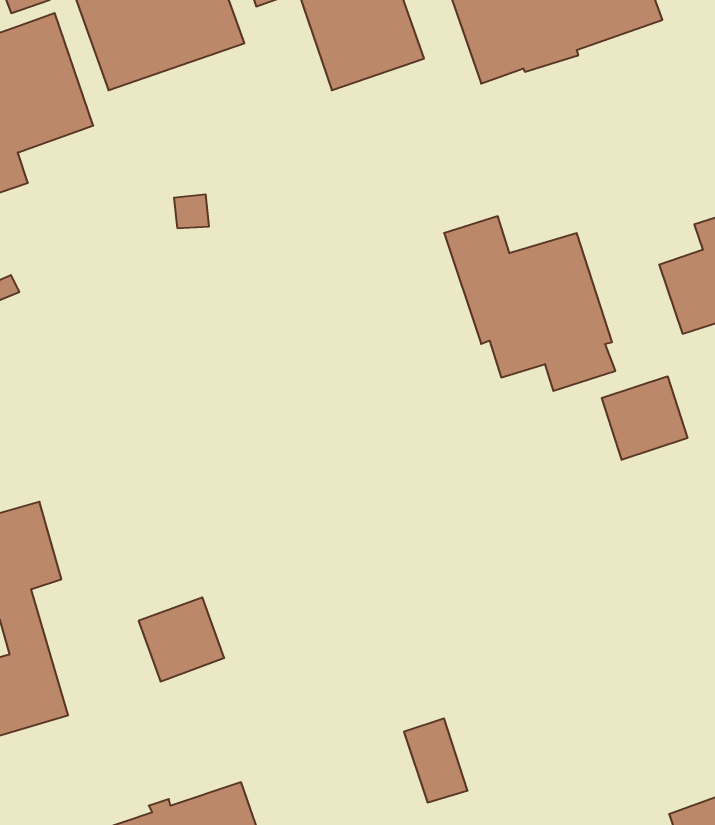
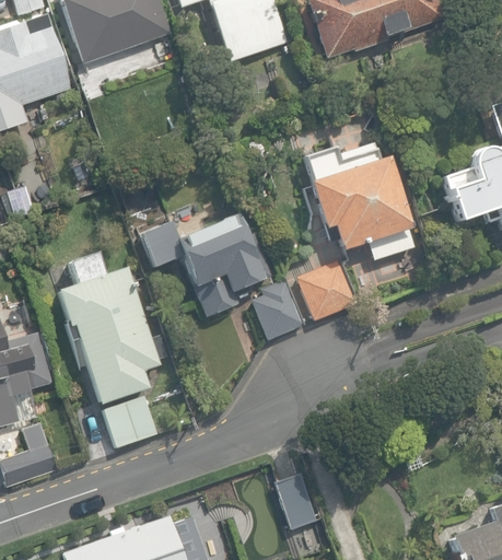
building: none -> [140,214,271,315]
building: [602,376,687,460] -> none
building: none -> [56,254,170,404]
building: none -> [296,260,358,319]
building: none -> [252,278,303,339]

